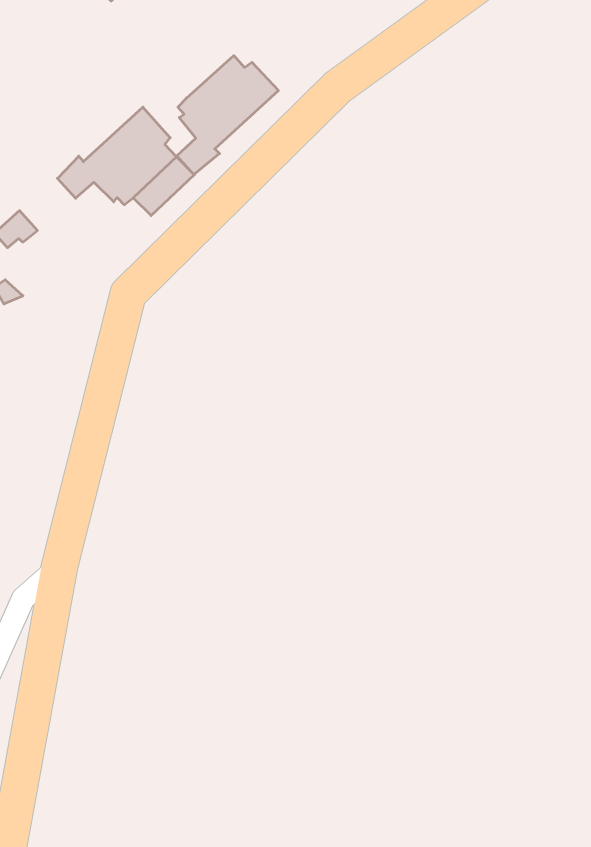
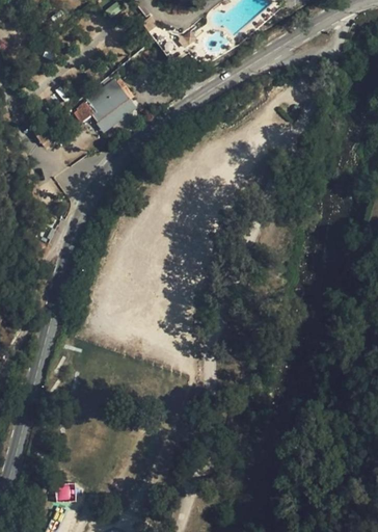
building: [177,56,278,175] -> none

